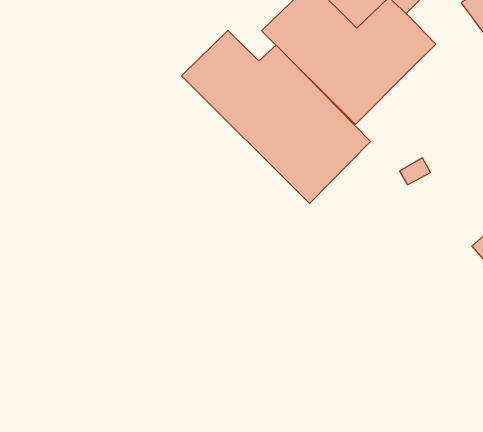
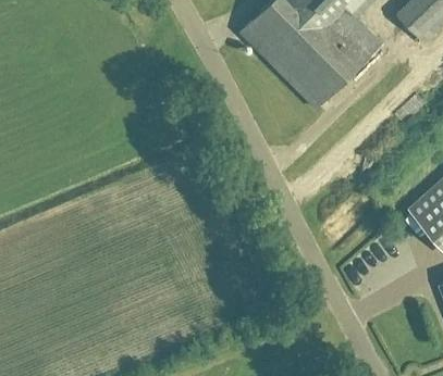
building: [182,30,371,204] -> none

